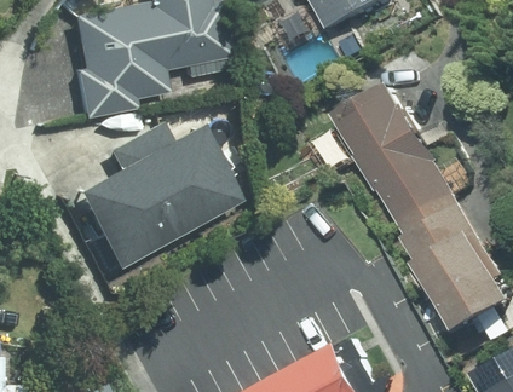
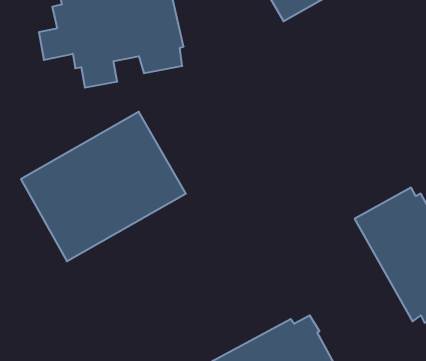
building: [334,86,455,232] -> none

